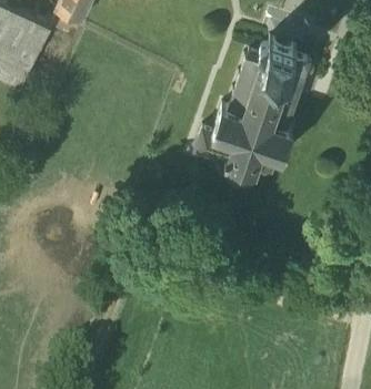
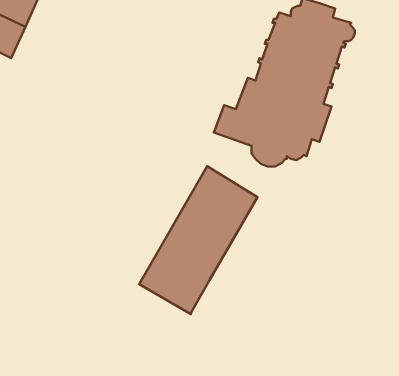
building: none -> [139,166,258,314]

